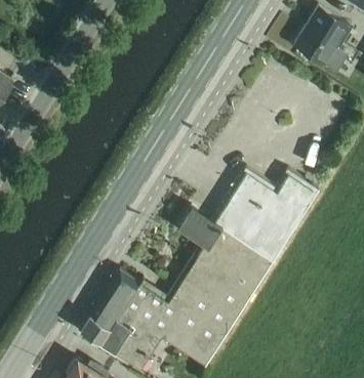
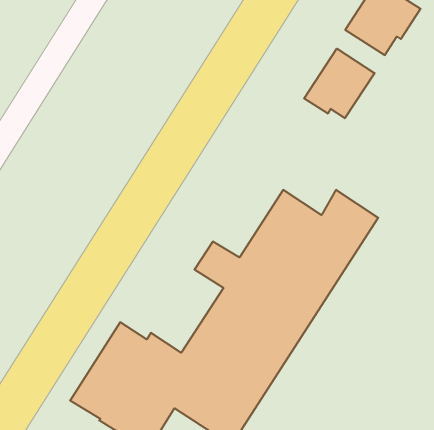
building: none -> [304,49,375,118]

